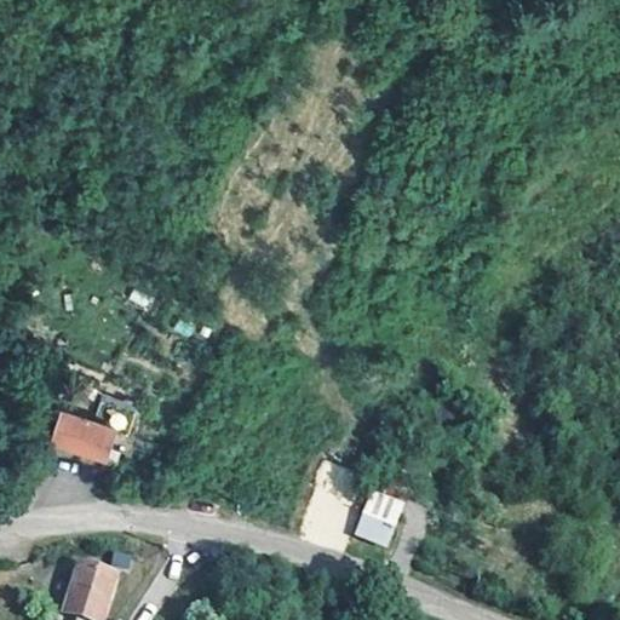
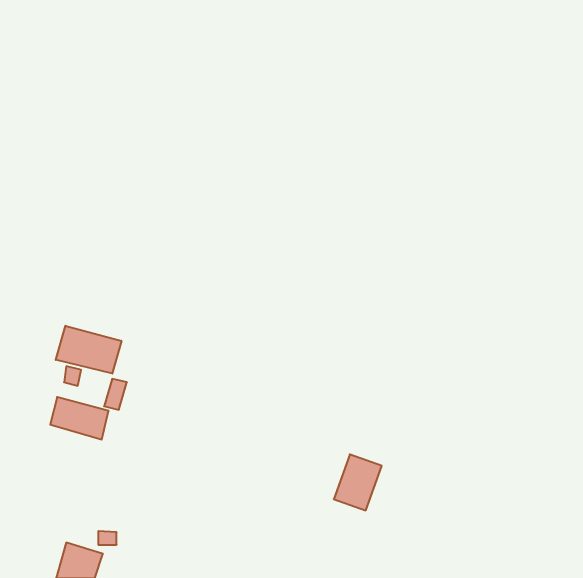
building: none -> [56,326,121,374]

